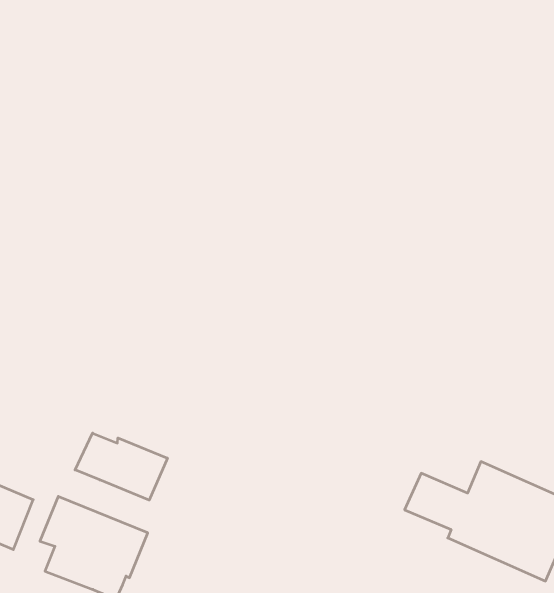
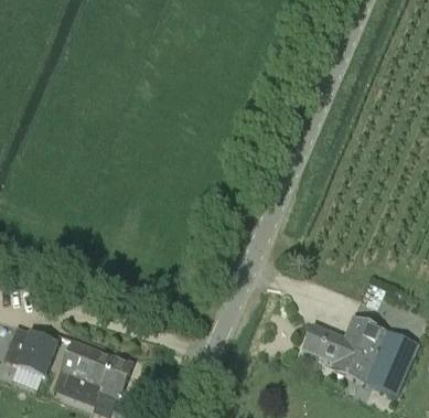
building: [75,433,167,500] -> none

